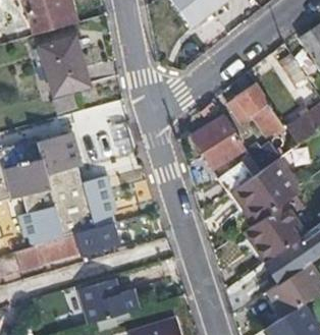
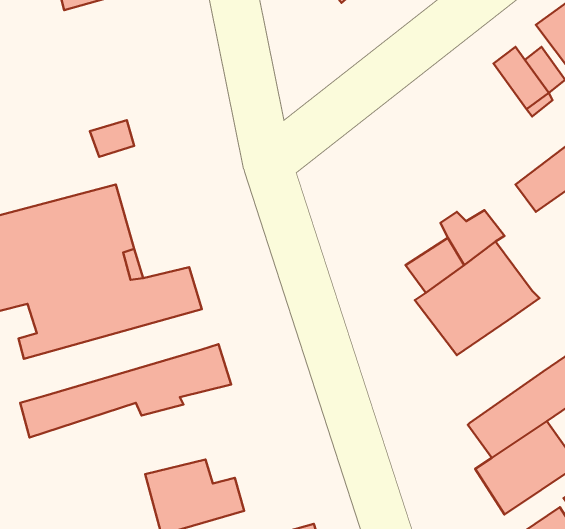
building: [44,36,90,93] -> none
building: [229,85,287,137] -> none
building: [195,116,245,168] -> none
building: [16,200,118,247] -> none
building: [244,206,305,263] -> none

